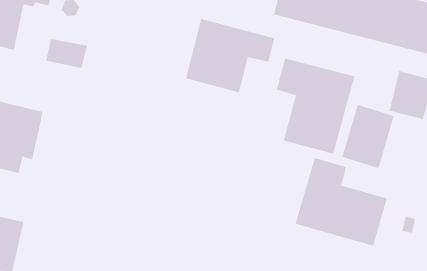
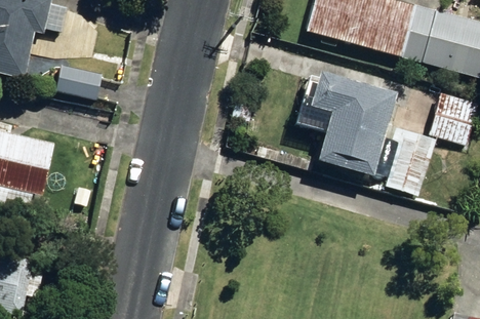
building: [185,18,275,93] -> none
building: [295,157,388,246] -> none

